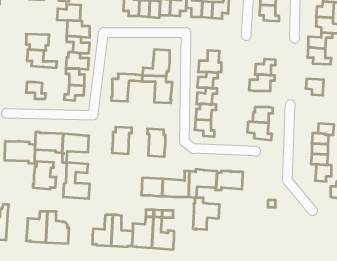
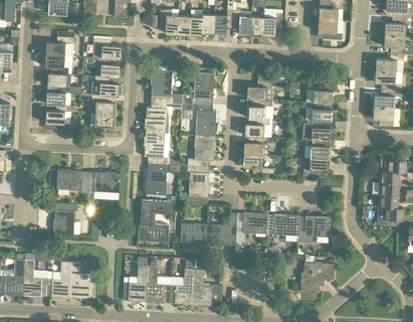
building: [57,4,81,21] -> [45,36,73,55]
building: none -> [151,69,182,103]
building: none -> [373,89,401,108]
building: none -> [45,92,78,112]
building: none -> [301,120,335,140]
building: none -> [144,132,179,164]
building: none -> [187,134,214,166]
building: [5,141,35,164] -> none
building: [63,162,90,199] -> [138,199,169,242]
building: none -> [296,216,330,243]
building: [193,198,220,230] -> [302,256,334,293]
building: none -> [22,260,47,296]

